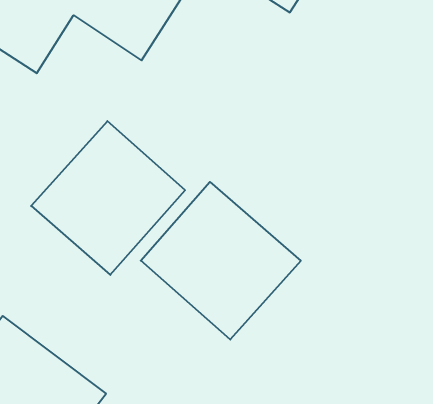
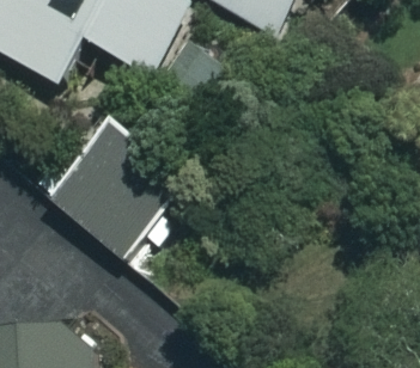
building: [141,182,301,340] -> none

